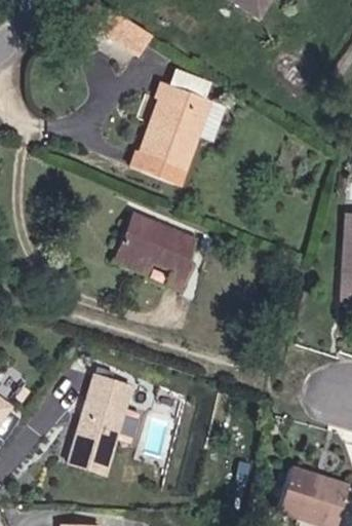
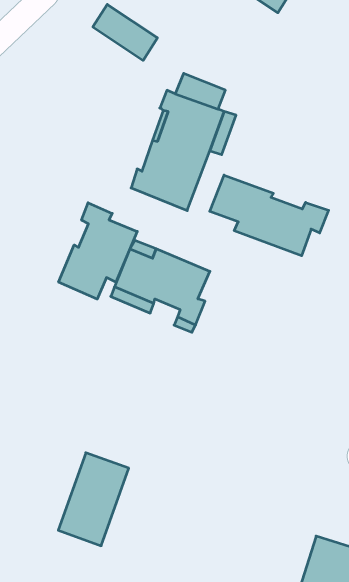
building: none -> [210,175,329,256]
building: none -> [59,203,137,299]
building: [91,375,135,408] -> none

